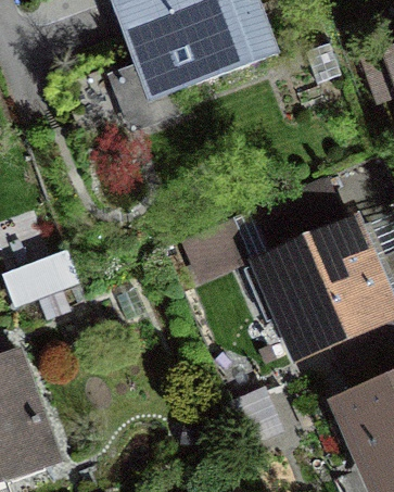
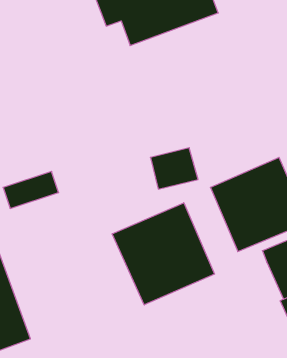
building: none -> [112,203,214,305]

